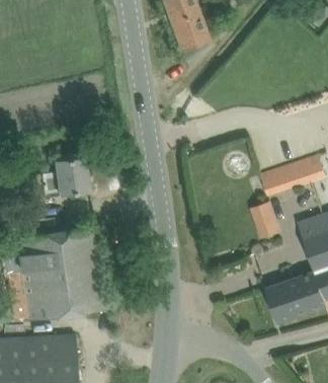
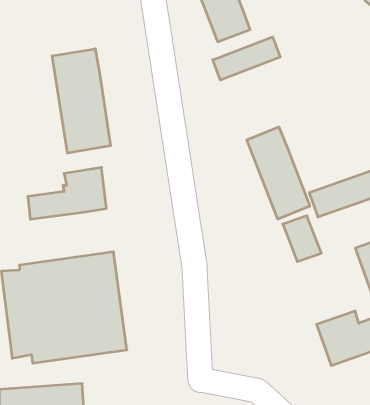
building: none -> [213,37,280,80]
building: none -> [52,49,111,153]
building: none -> [247,127,310,219]

